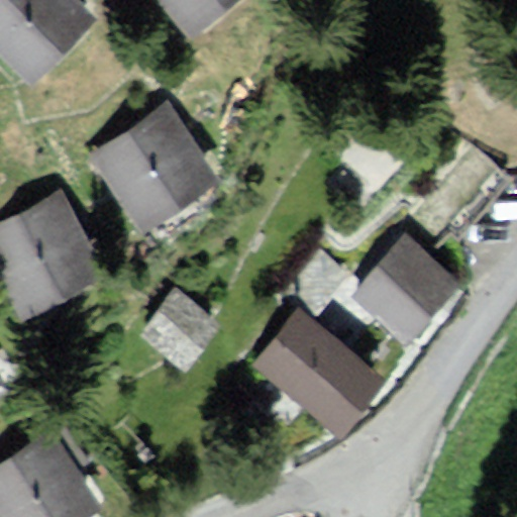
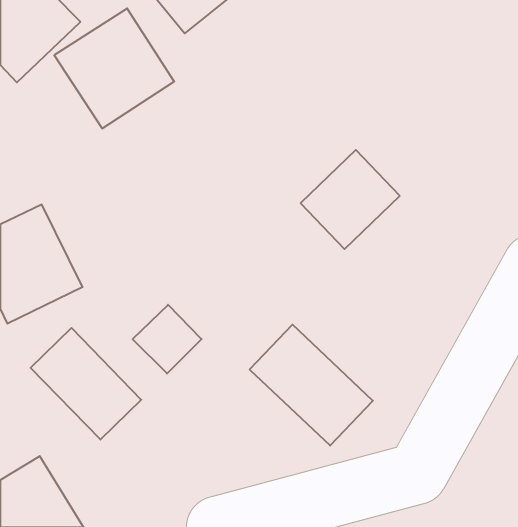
building: [94,111,210,227] -> [54,8,174,128]
building: [356,245,452,341] -> [301,150,400,249]
building: none -> [31,328,141,440]

